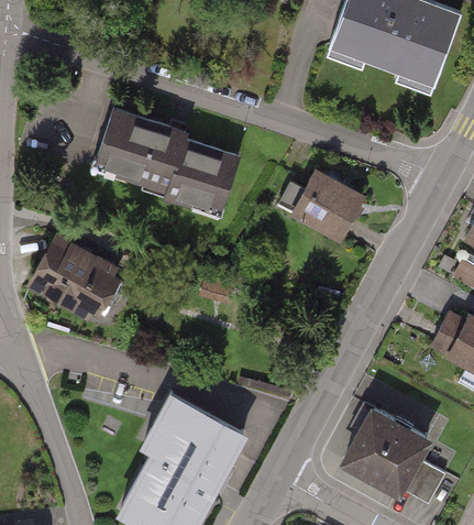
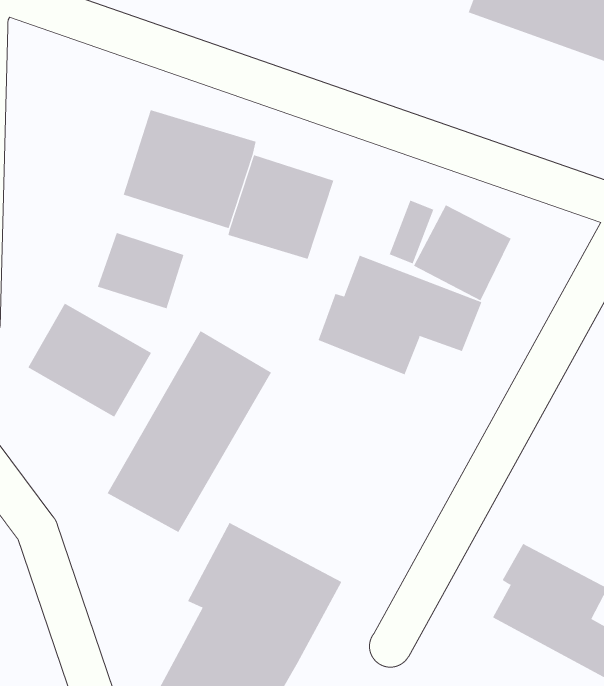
building: none -> [97,232,184,309]
building: none -> [318,255,482,375]
building: none -> [107,330,272,533]

